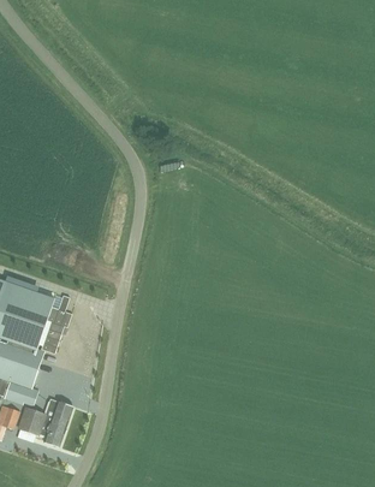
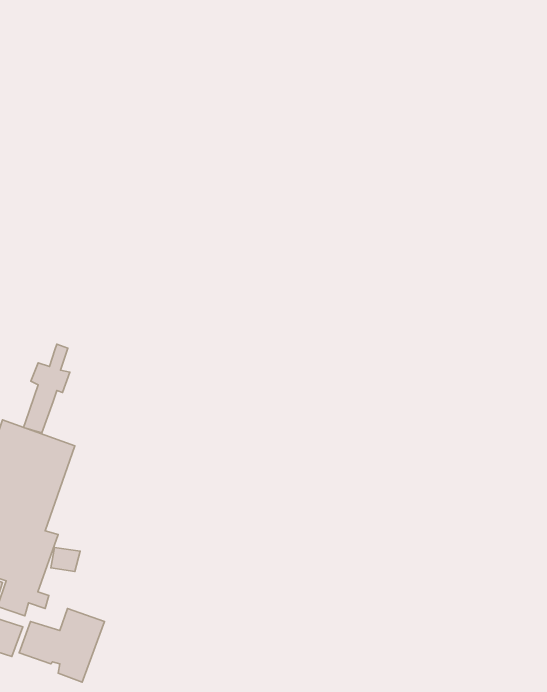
building: [40,293,70,351] -> [23,344,70,433]

